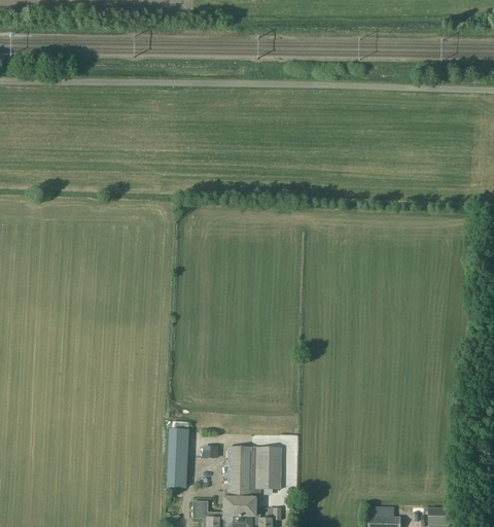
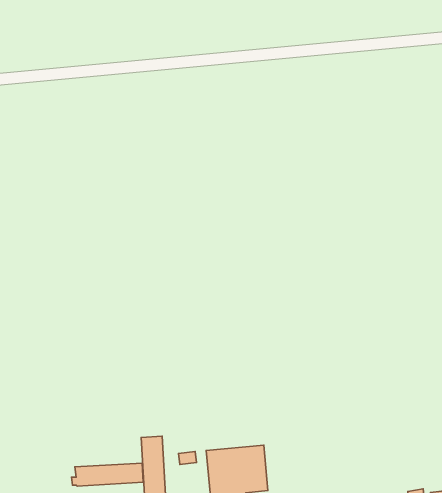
building: none -> [71,463,143,486]

